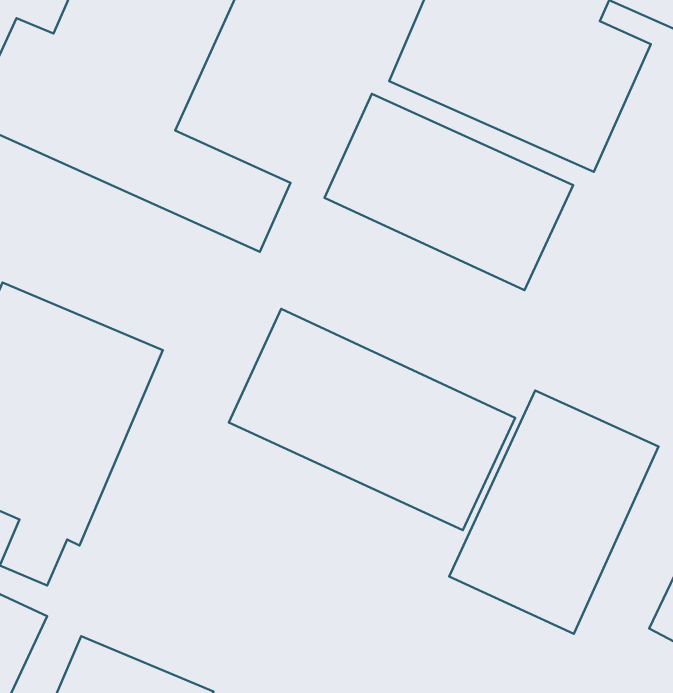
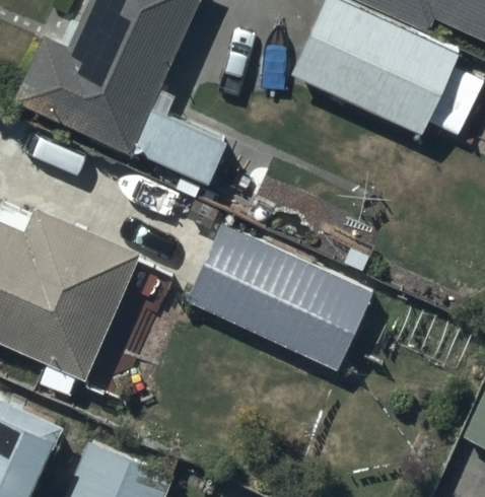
building: [324,94,573,290] -> none
building: [449,390,658,634] -> none

